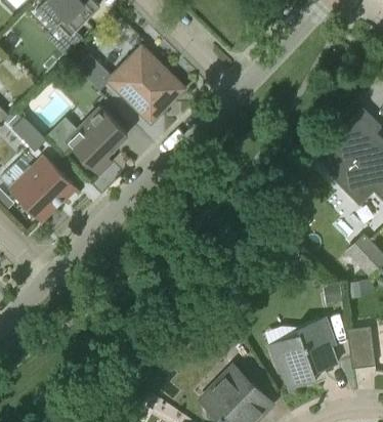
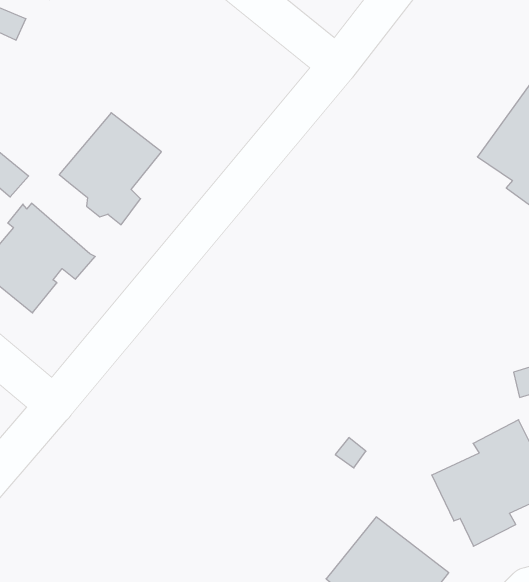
building: [76,54,180,123] -> none

